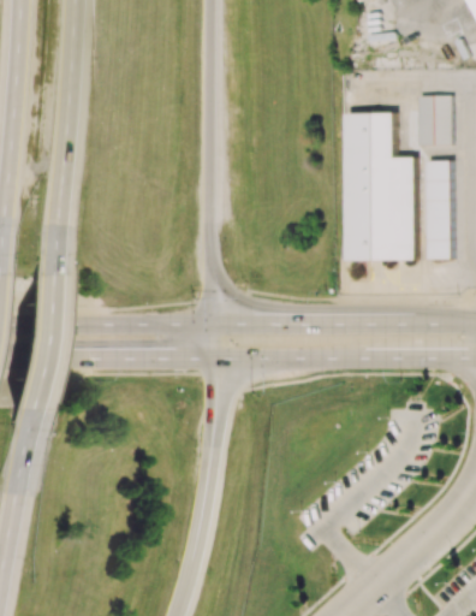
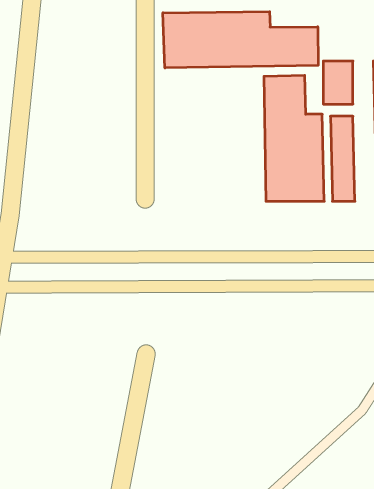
building: none -> [163,12,318,68]

